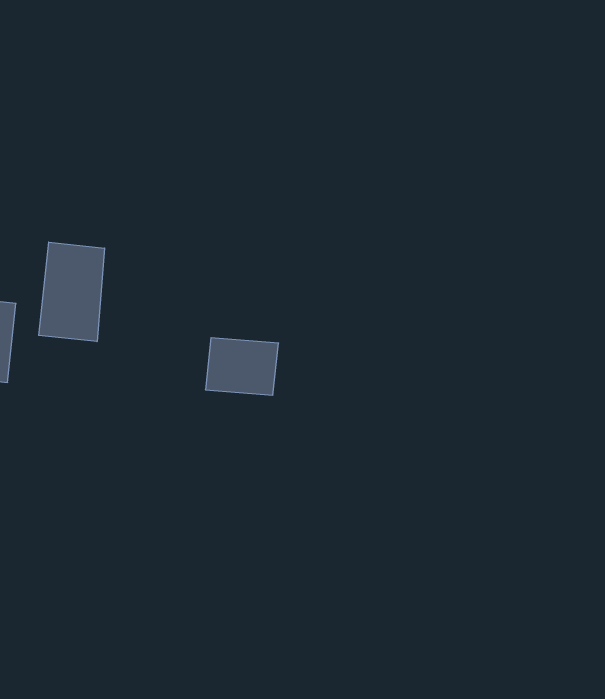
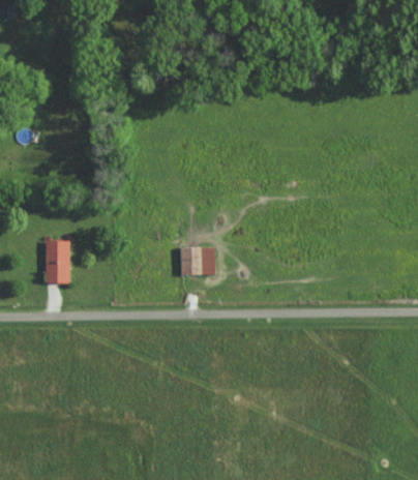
building: [39,242,105,342] -> none

